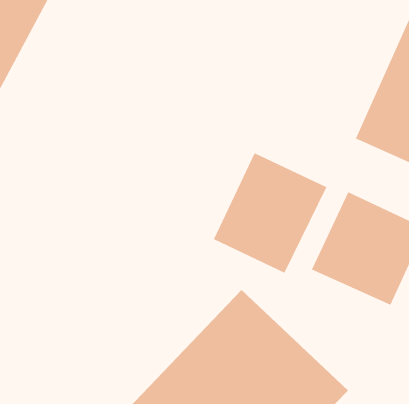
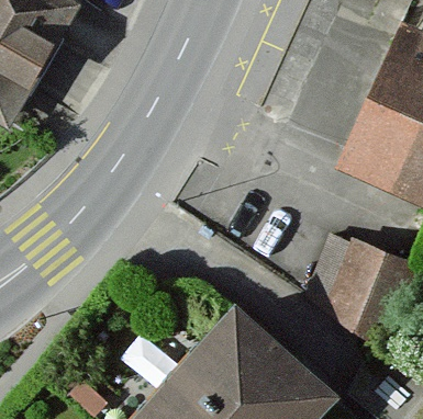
building: [213,152,328,274] -> none

